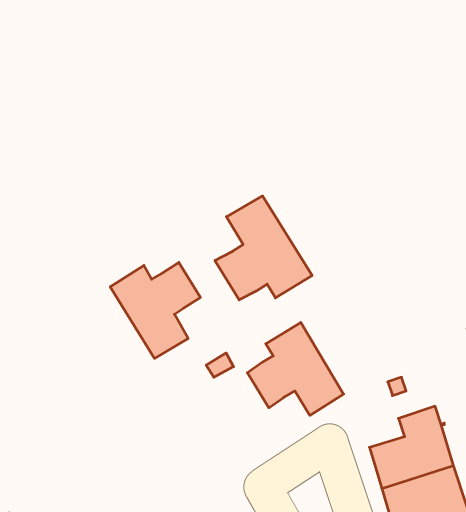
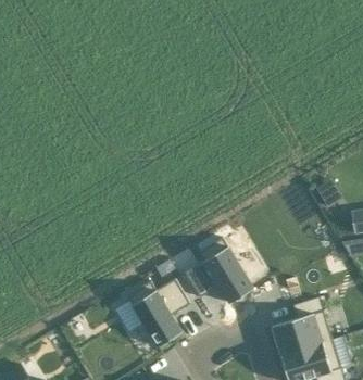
building: [215,196,312,300] -> none
building: [110,262,200,358] -> [126,277,190,345]

